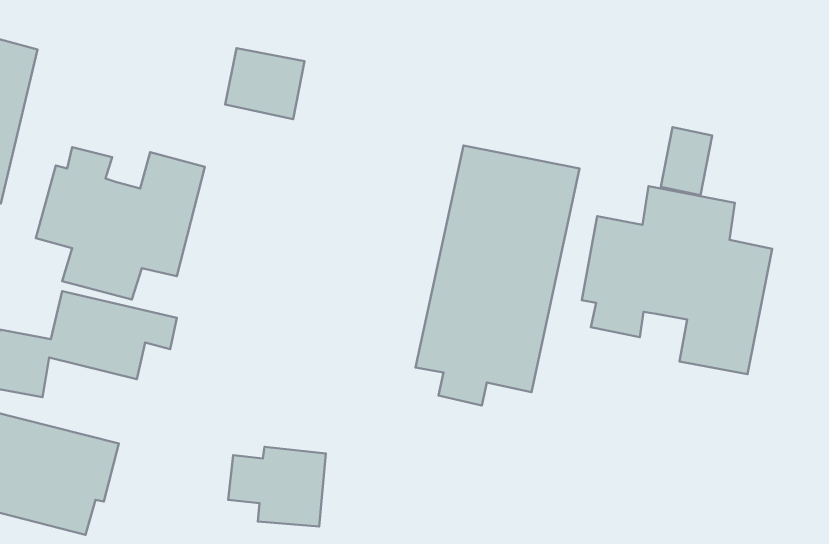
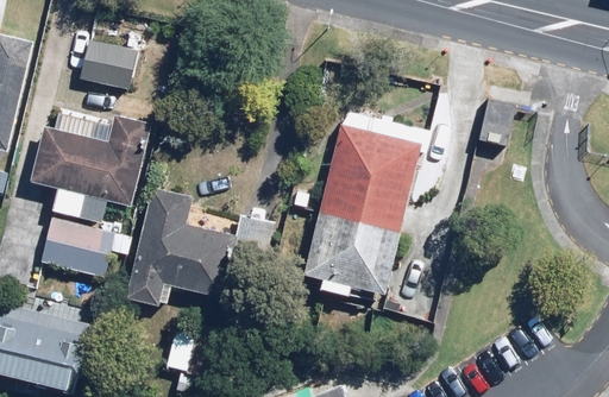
building: [225,48,305,119] -> [81,40,138,92]
building: [582,186,772,374] -> none
building: none -> [127,189,275,302]

